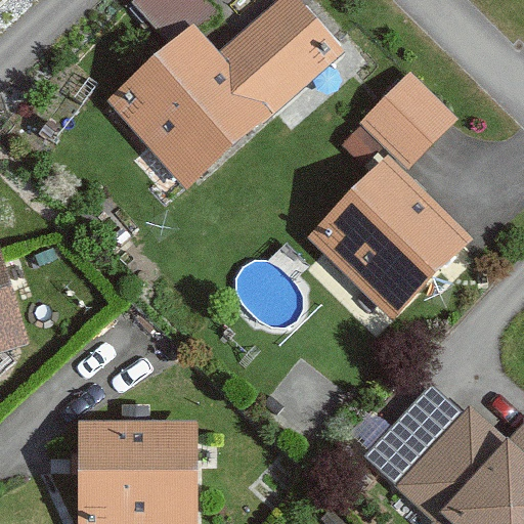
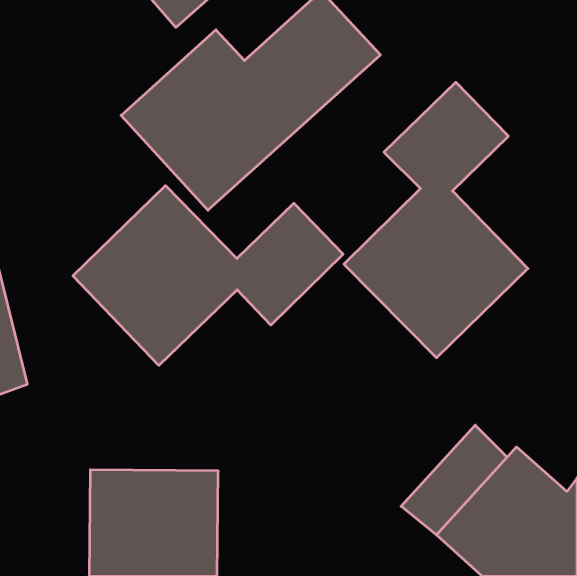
building: none -> [73,186,343,365]

